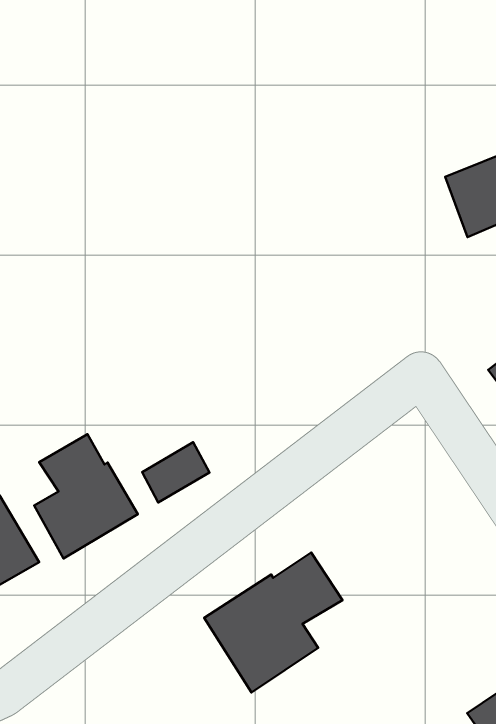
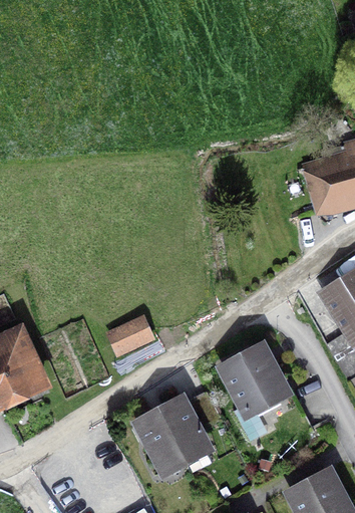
building: [34,434,138,559] -> none
building: none -> [224,347,285,440]

